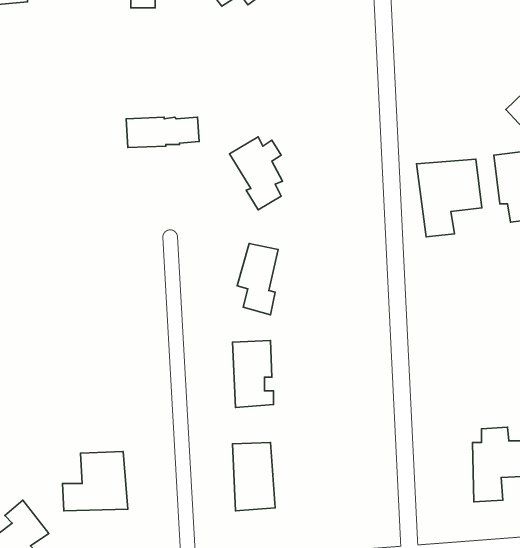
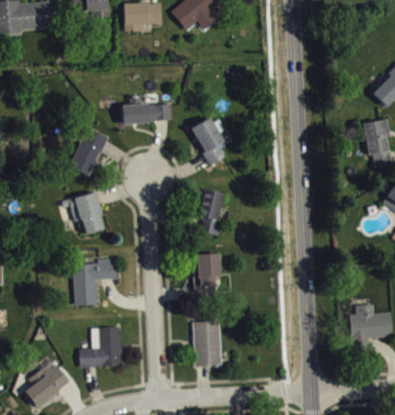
building: none -> [66,126,107,176]
building: [416,159,482,237] -> none
building: none -> [60,190,104,231]
building: none -> [70,257,115,302]

